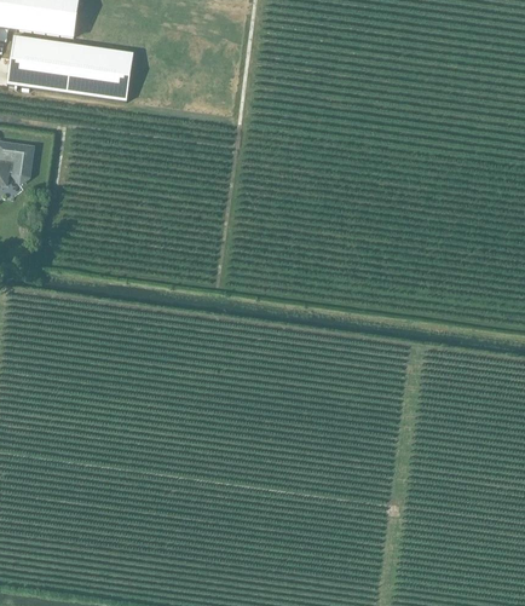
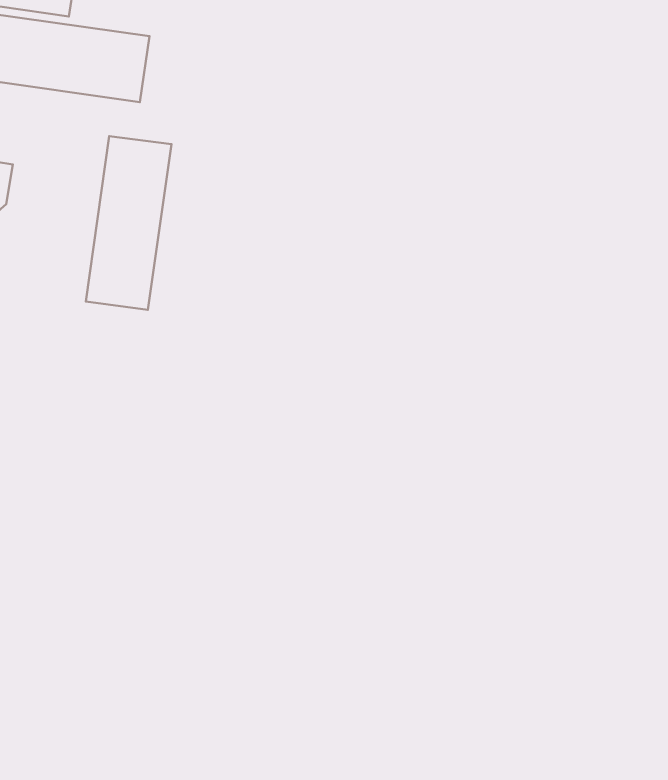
building: none -> [86,136,171,310]

